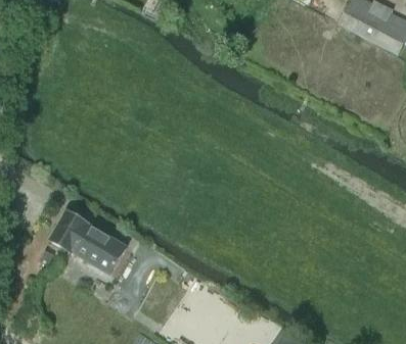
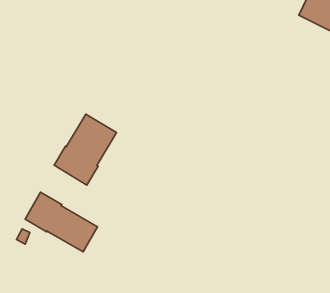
building: none -> [54,114,117,185]

